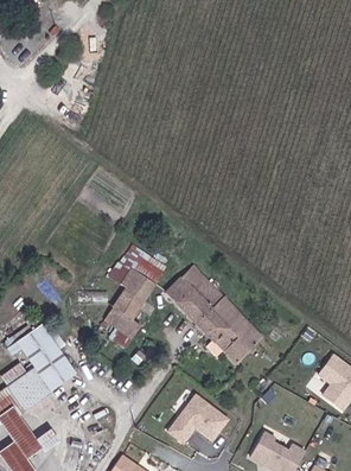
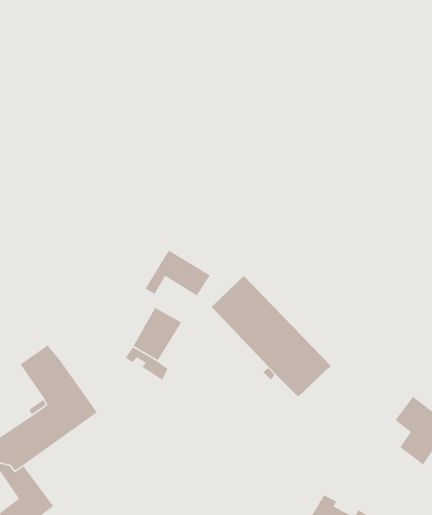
building: [125,265,158,300] -> none
building: [161,399,222,446] -> none

